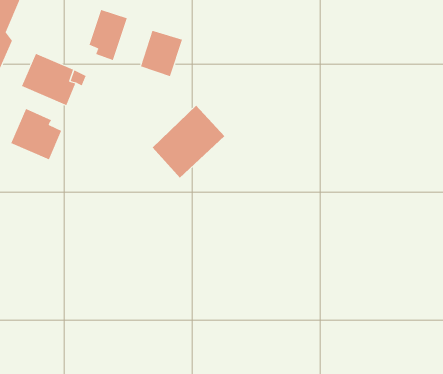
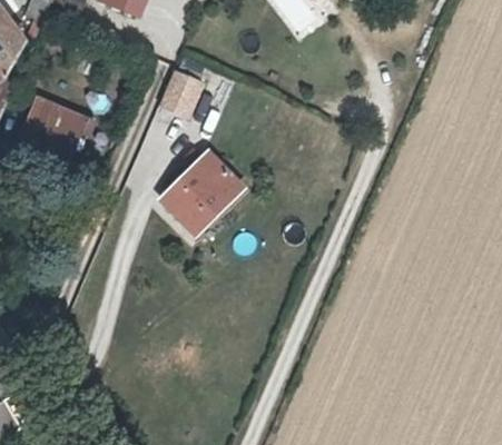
building: [89,9,128,61] -> none
building: [11,108,62,160] -> none

